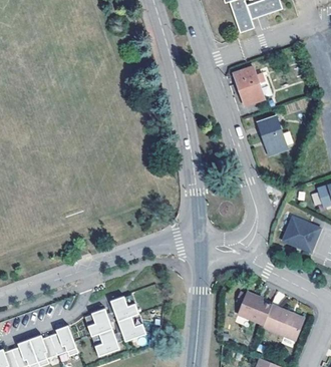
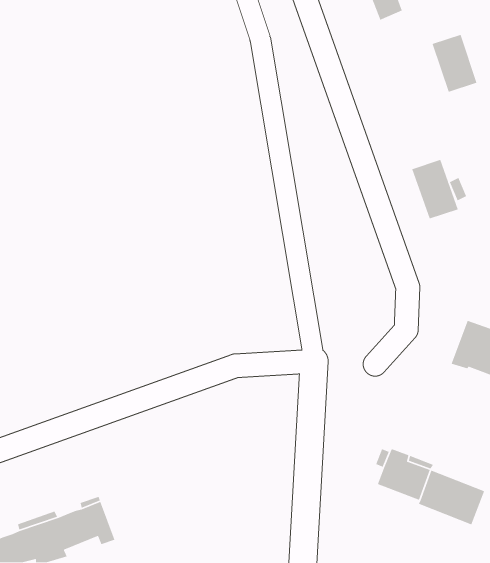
building: [236,68,264,104] -> [432,34,478,93]
building: [111,295,146,340] -> none
building: [89,307,120,355] -> none

